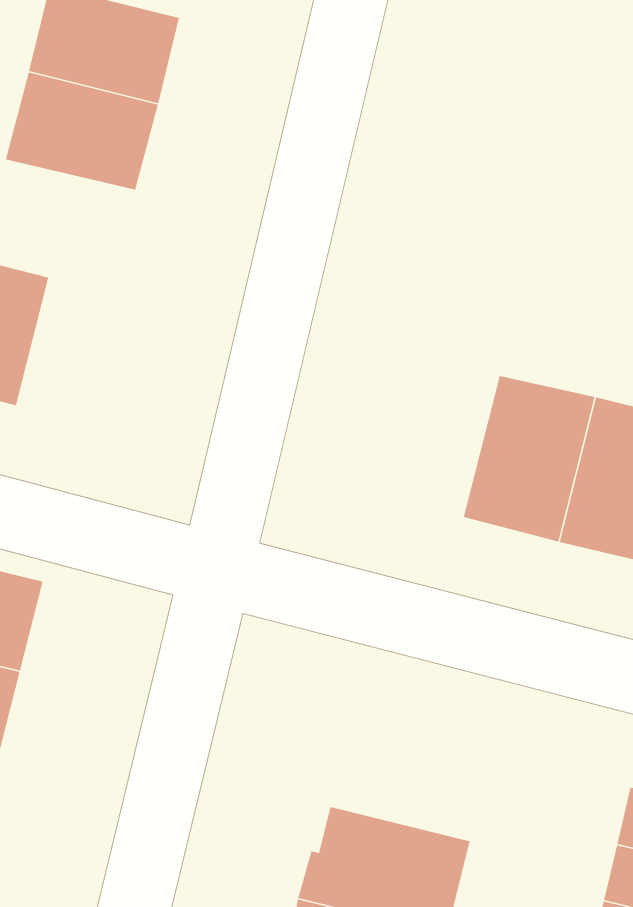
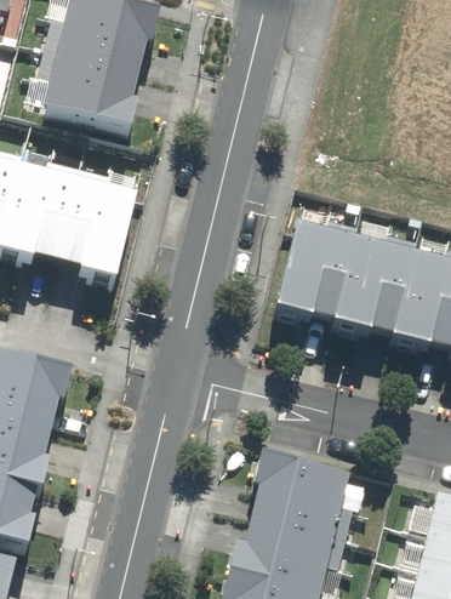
building: none -> [51,176,129,272]
building: none -> [272,223,355,327]
building: none -> [249,451,352,531]

